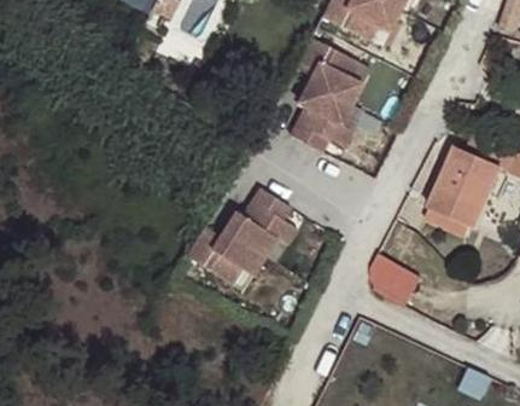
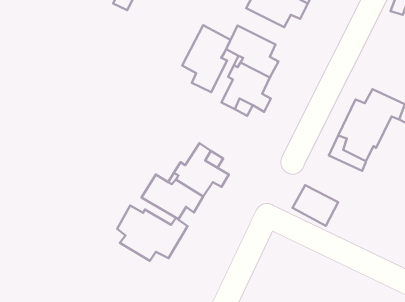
building: none -> [182,25,231,92]
building: none -> [117,206,187,261]

